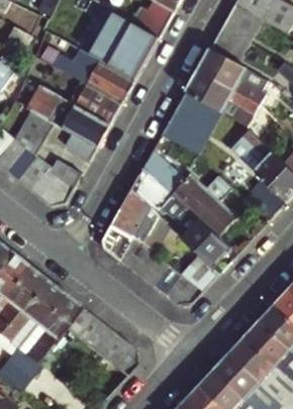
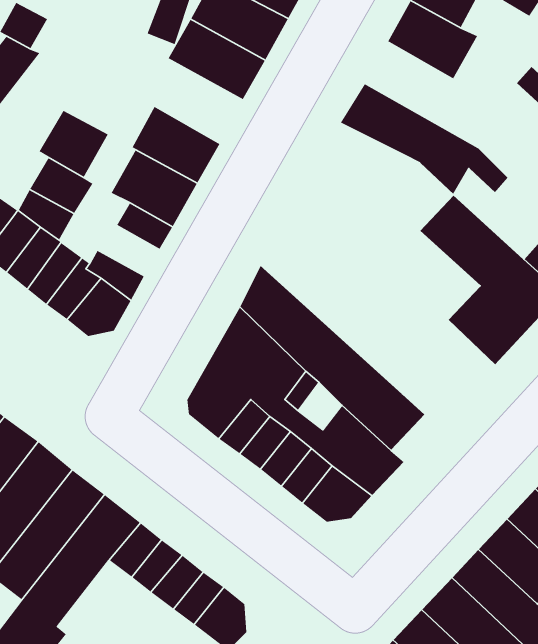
building: [198,47,271,104] -> none
building: [61,53,133,102] -> none
building: [162,91,219,151] -> none
building: [142,149,235,235] -> none

